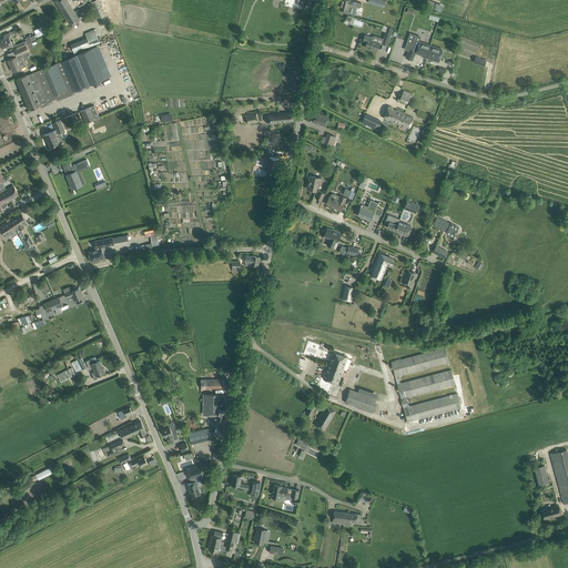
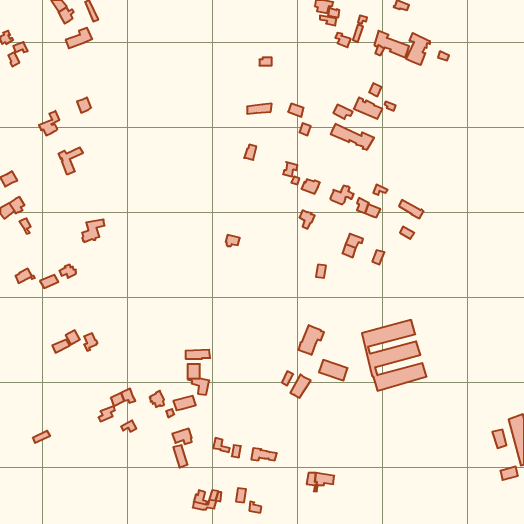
building: none -> [406,33,430,65]
building: [17,48,105,110] -> none
building: none -> [331,124,374,150]

